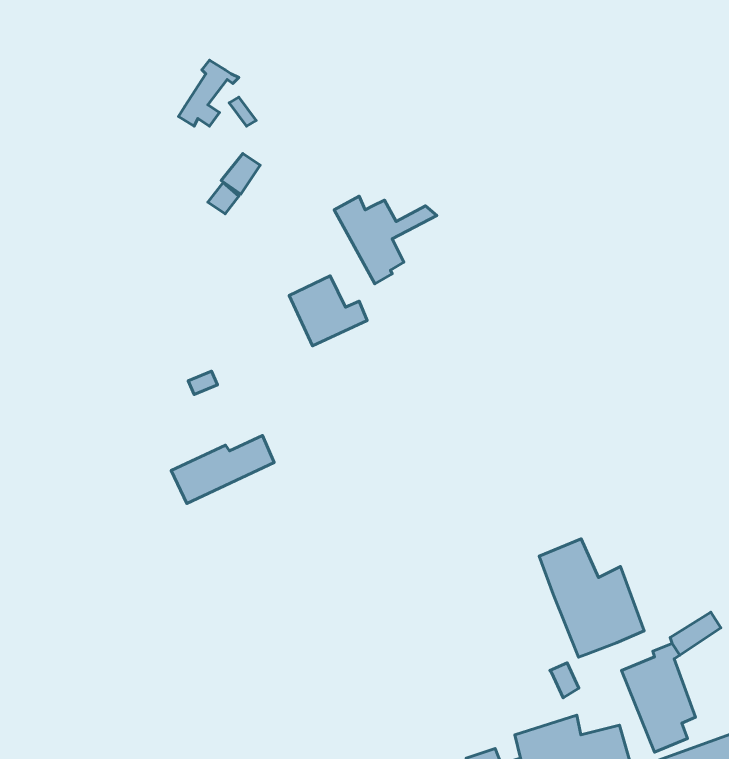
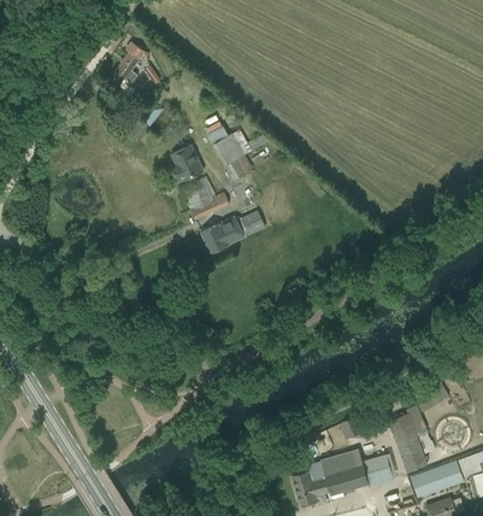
building: none -> [170,145,204,182]
building: [171,435,274,503] -> [201,210,265,252]
building: [539,539,644,657] -> none

